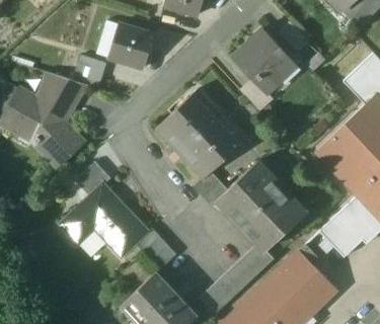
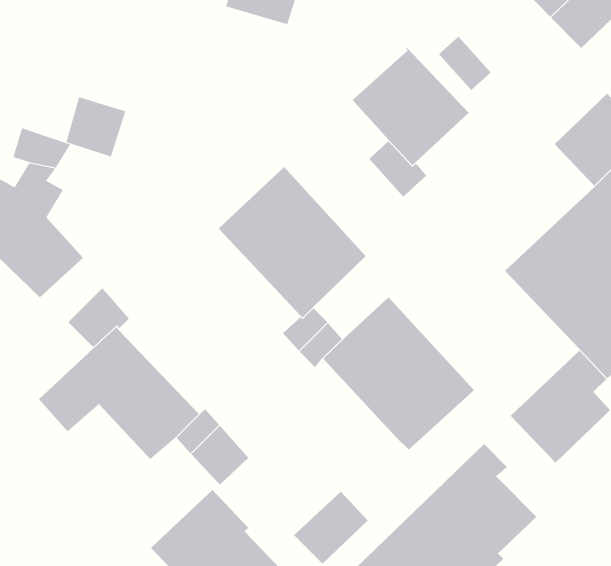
building: [108,24,154,68] -> none
building: [226,244,274,290] -> none

